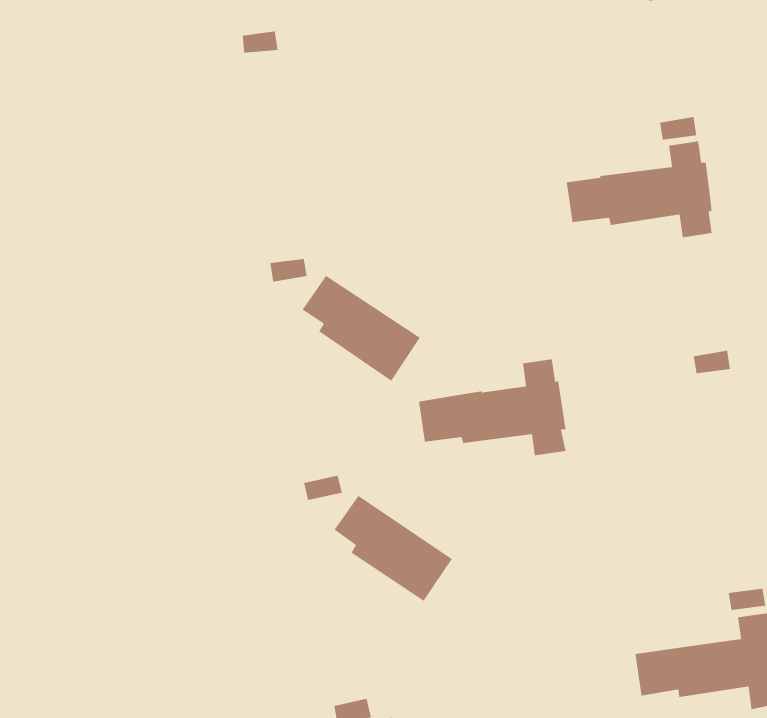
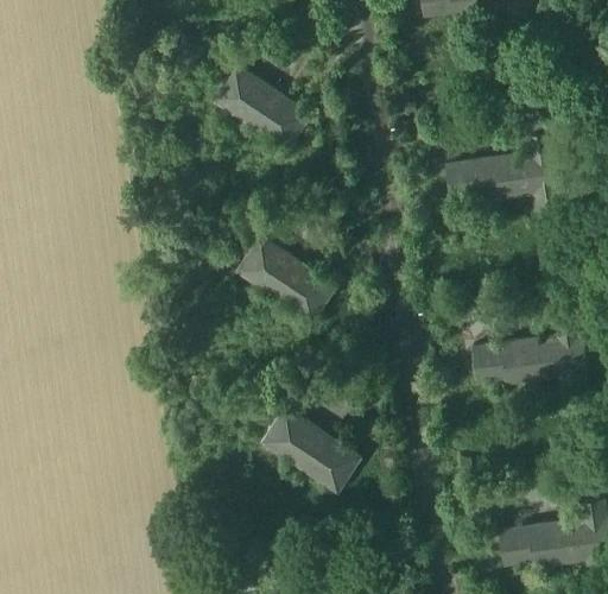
building: none -> [215,67,308,150]
building: [418,358,566,456] -> [471,316,587,392]

